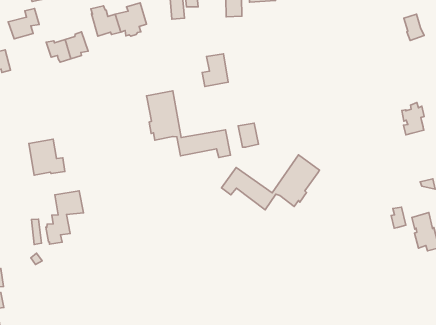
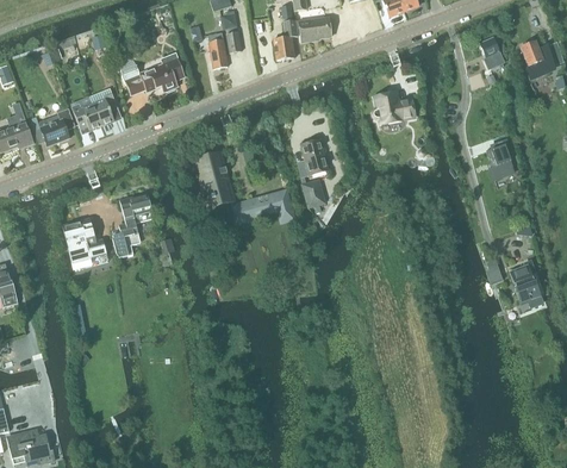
building: [8,9,39,39] -> [39,108,75,145]
building: [202,54,228,86] -> [297,138,328,177]
building: none -> [372,92,415,124]
building: [222,155,320,210] -> none
building: [46,191,83,244] -> [112,193,154,257]

